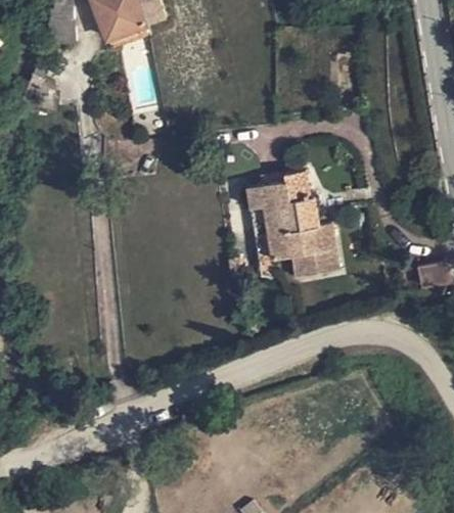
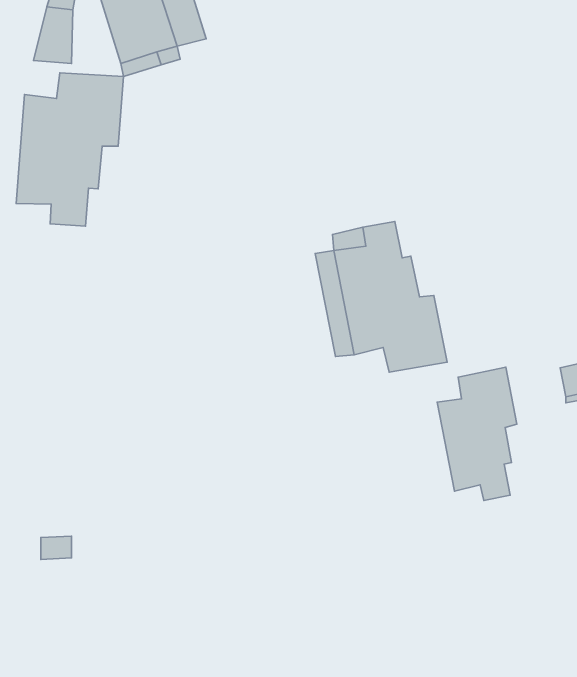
building: none -> [16,73,124,226]
building: none -> [437,367,517,501]

